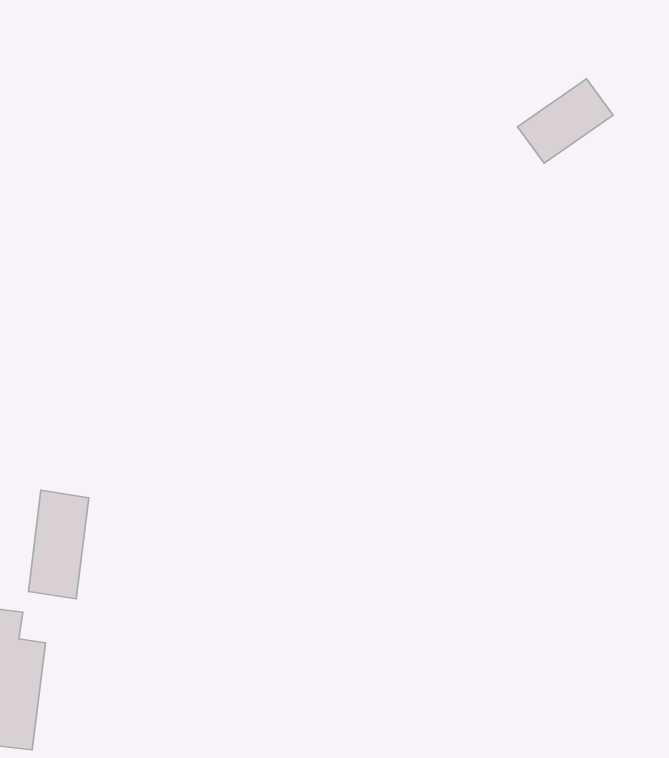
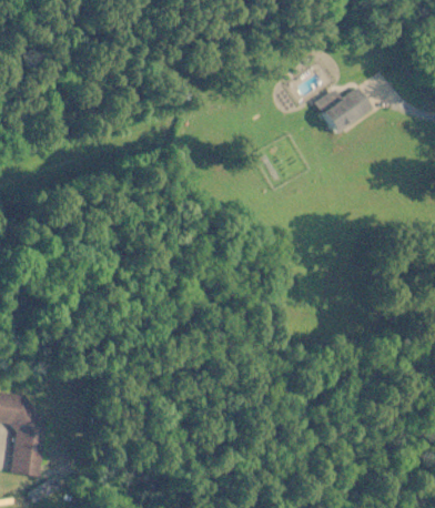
building: [28,490,89,599] -> none

